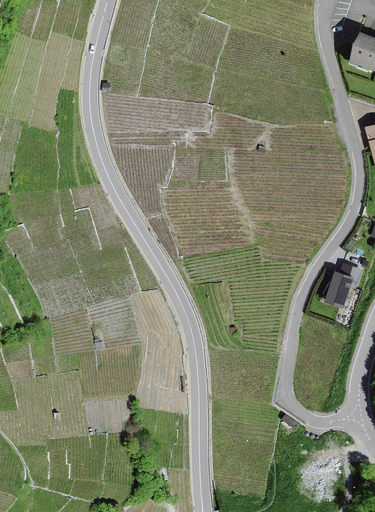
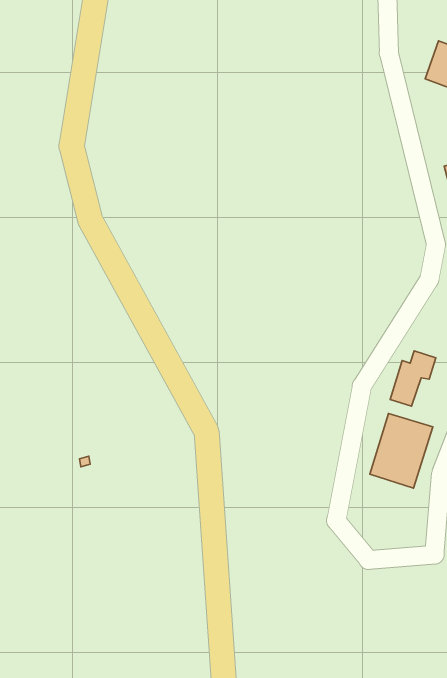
building: none -> [370,414,433,488]

